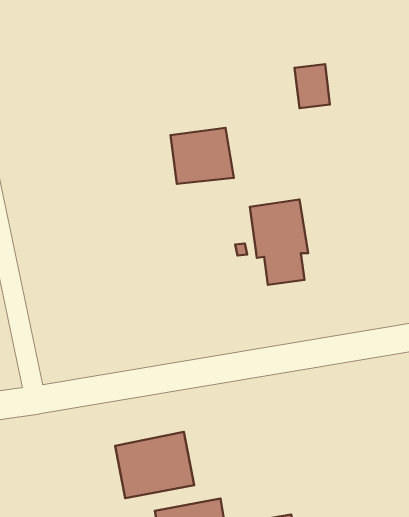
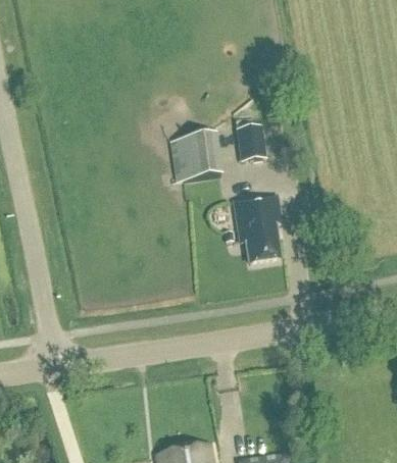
building: [295,64,330,108] -> [235,123,264,160]
building: [115,432,194,498] -> none

